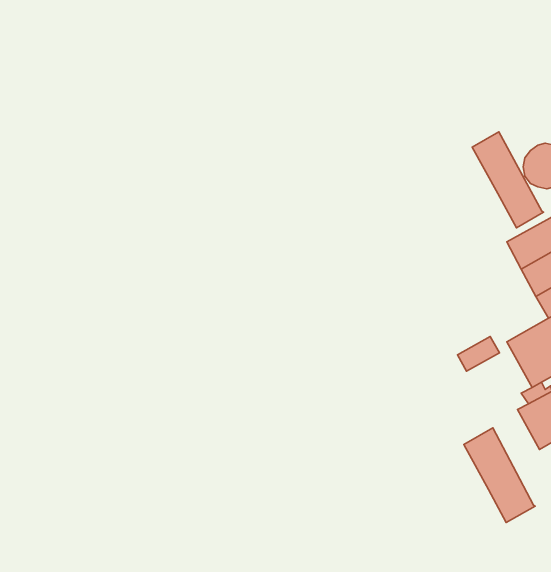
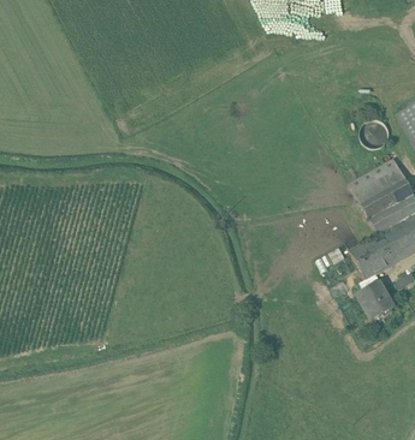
building: [472,132,543,228] -> none
building: [464,428,535,523] -> none

